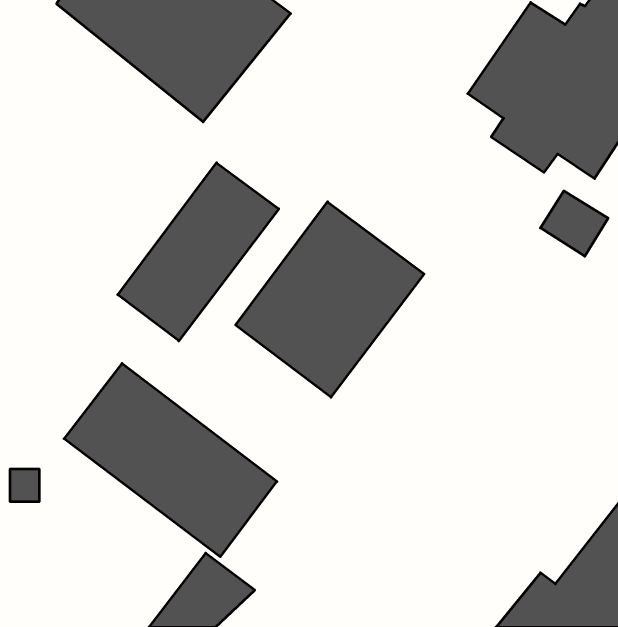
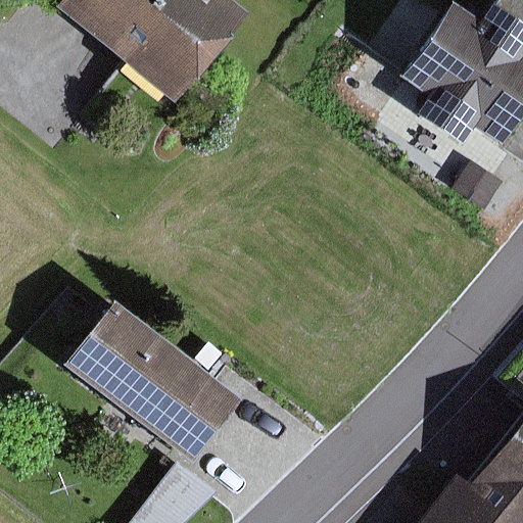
building: [118,163,279,341] -> none
building: [236,202,424,397] -> none

